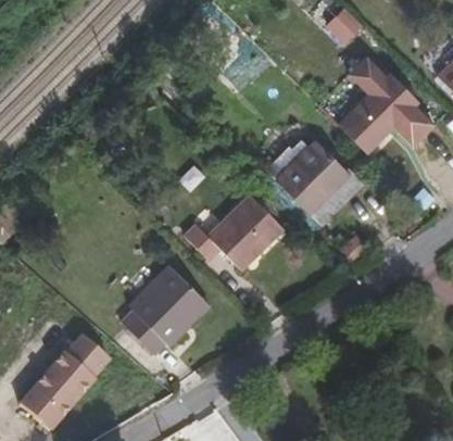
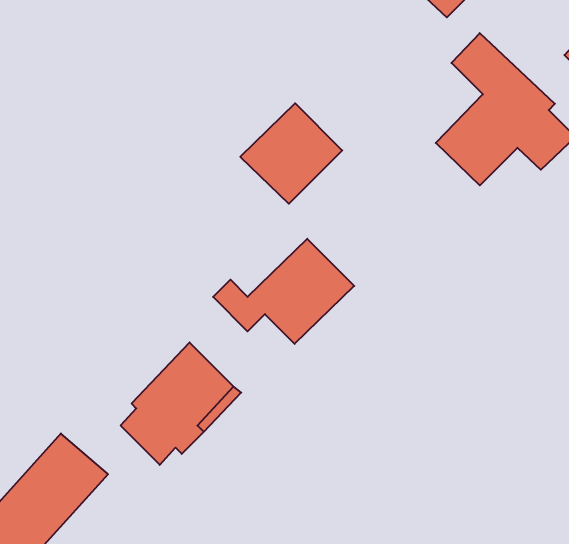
building: [276,141,347,211] -> [240,103,342,204]

